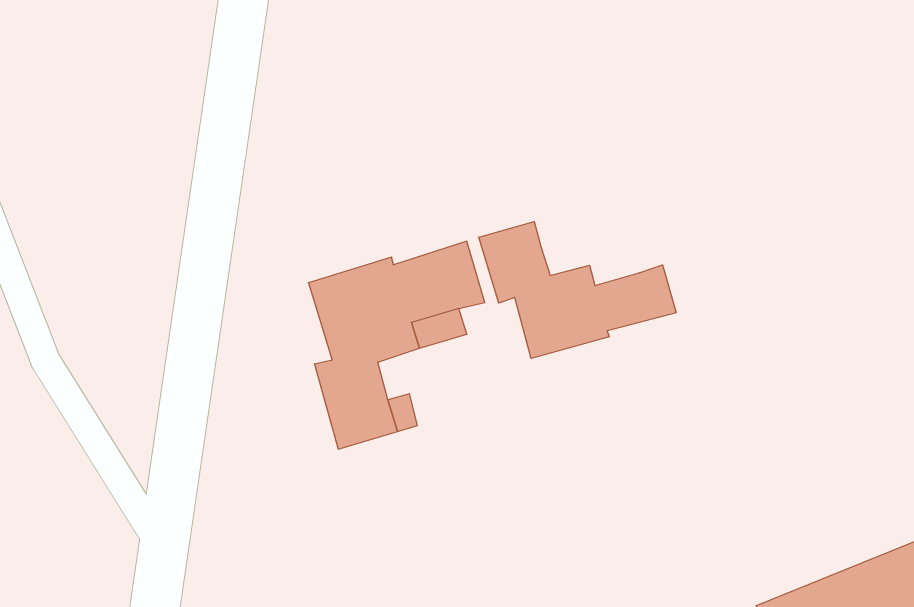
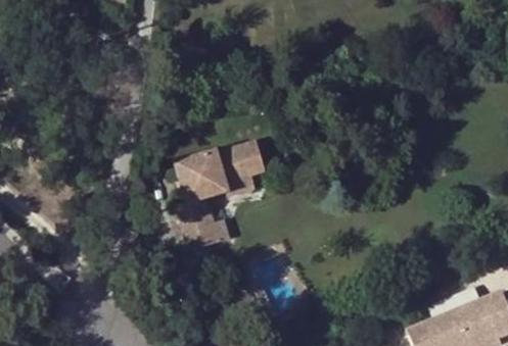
building: [479,221,676,358] -> none

